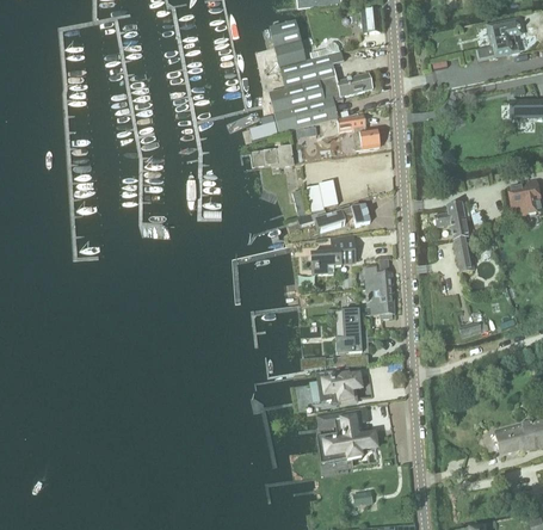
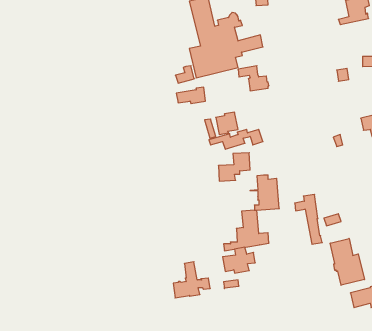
building: [436,202,474,271] -> [295,194,322,244]
building: none -> [330,238,364,285]
building: [325,411,376,461] -> [173,262,210,298]

